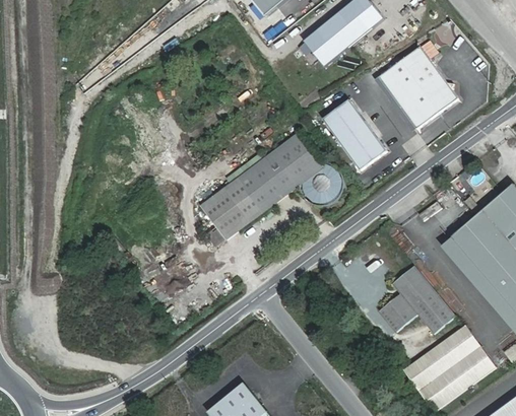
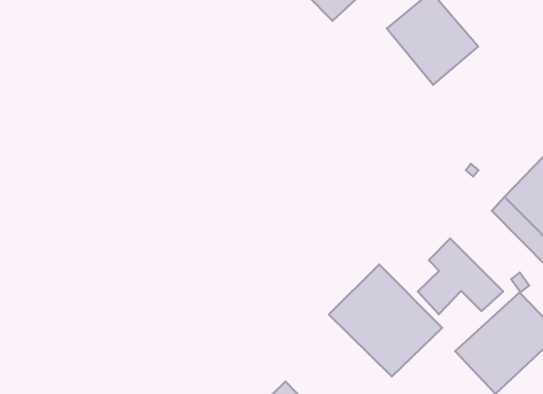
building: [322,93,385,164] -> none
building: [202,132,332,235] -> none
building: none -> [329,265,442,376]

